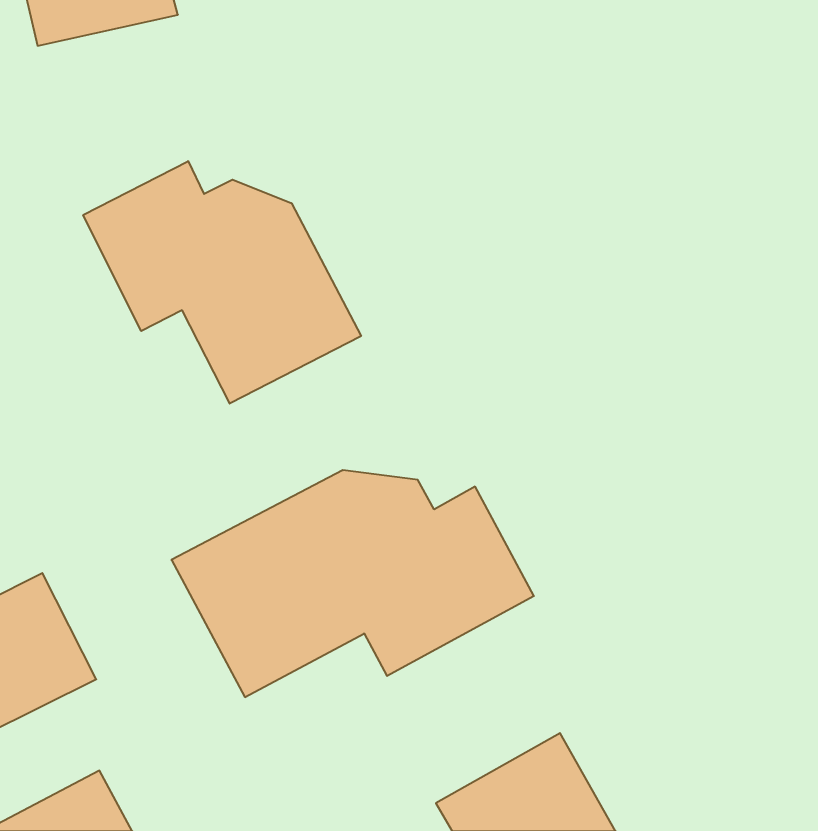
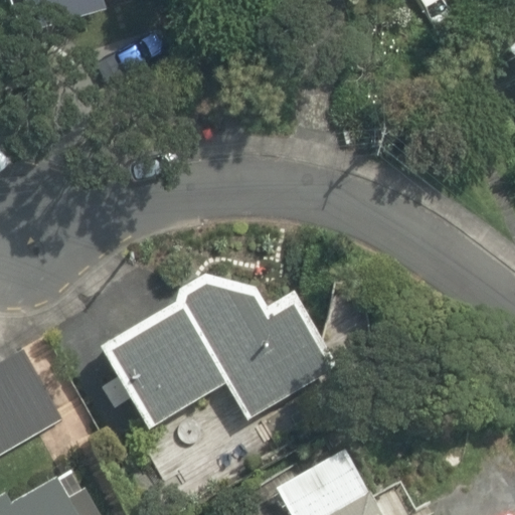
building: [83,161,361,404] -> none

